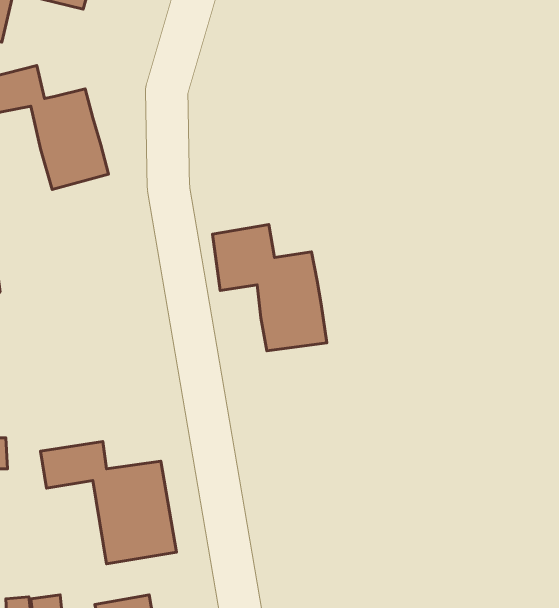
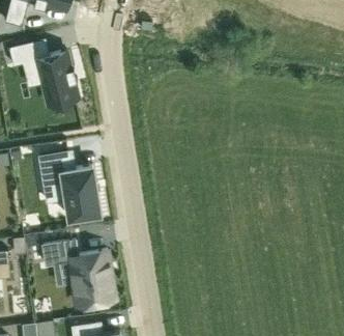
building: [212,225,327,351] -> [39,151,101,219]

